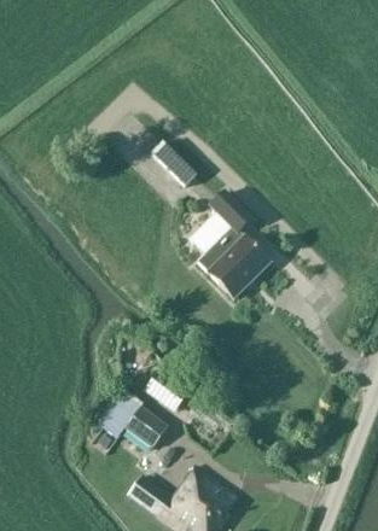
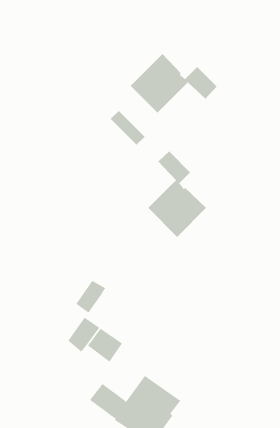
building: none -> [130,53,218,113]
building: none -> [75,280,106,314]

